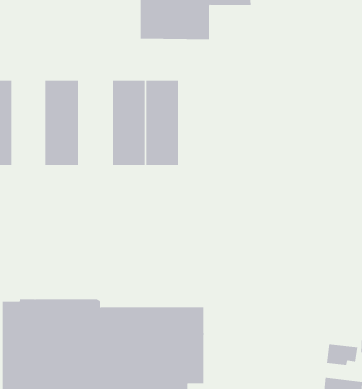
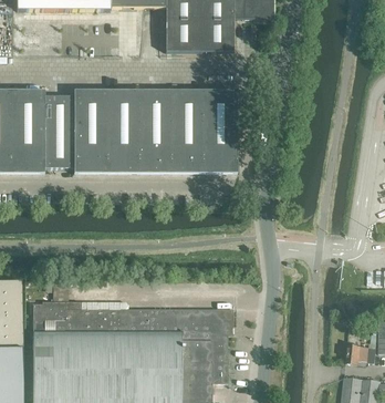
building: none -> [107,90,139,172]
building: none -> [204,90,236,172]
building: none -> [43,94,74,167]

